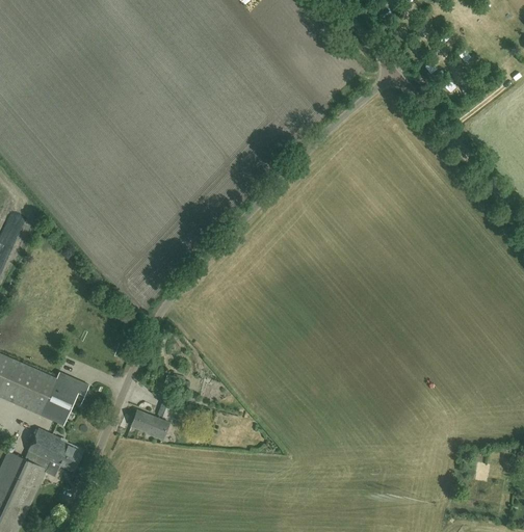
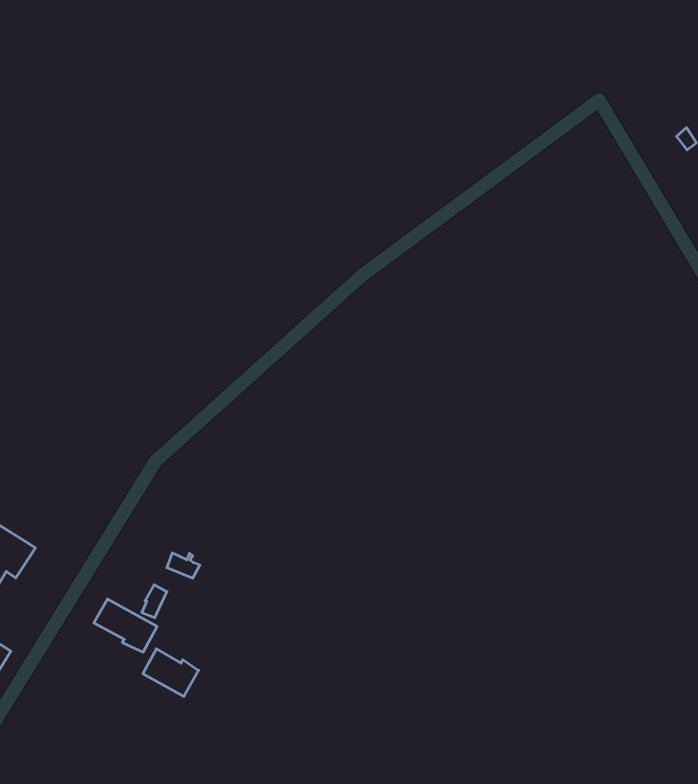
building: none -> [143,649,199,696]

